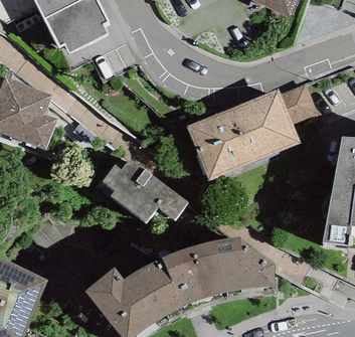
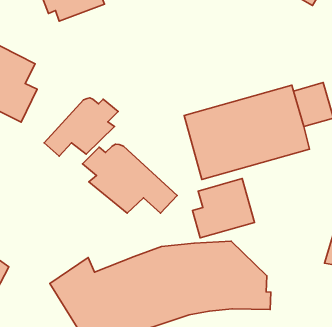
building: none -> [44,98,118,156]
building: none -> [193,178,255,238]

